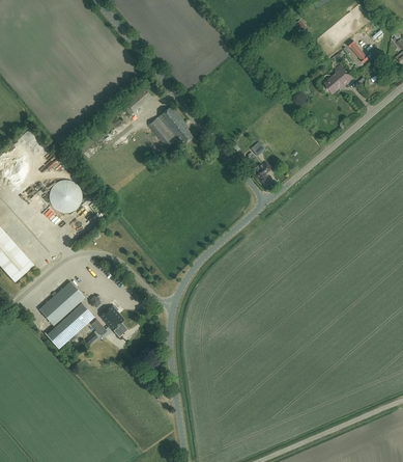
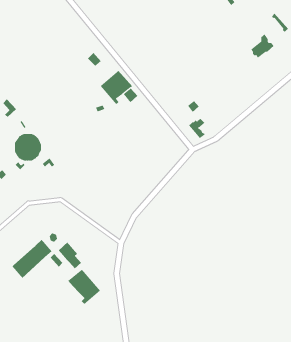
building: [39,280,85,325] -> none
building: none -> [67,269,101,305]

